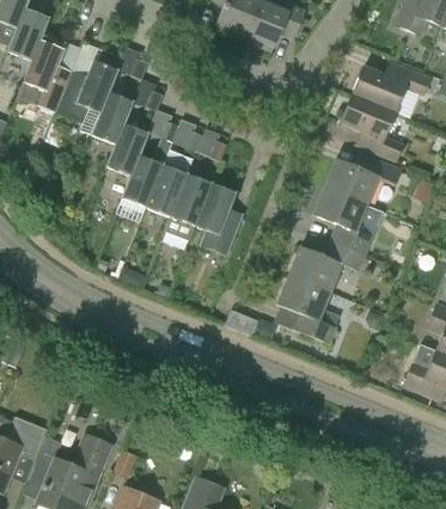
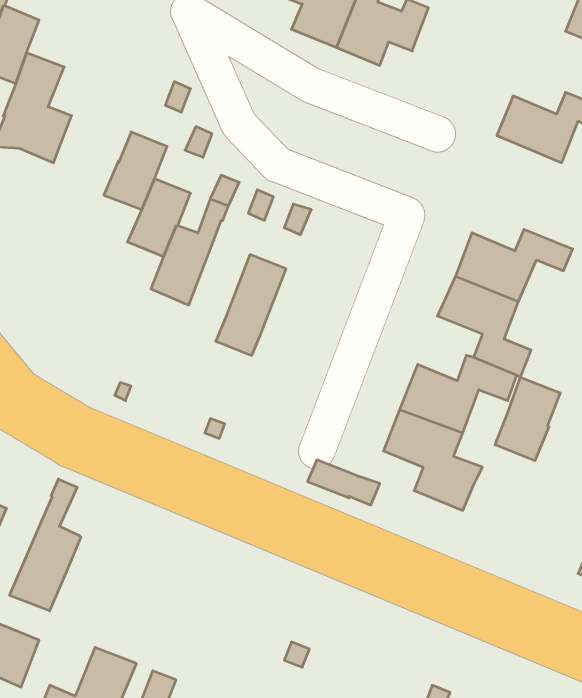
building: [57,50,123,123] -> none
building: [341,94,403,160] -> none
building: [147,151,194,216] -> none
building: [195,183,239,256] -> none
building: none -> [495,377,560,461]
building: none -> [10,479,81,611]

